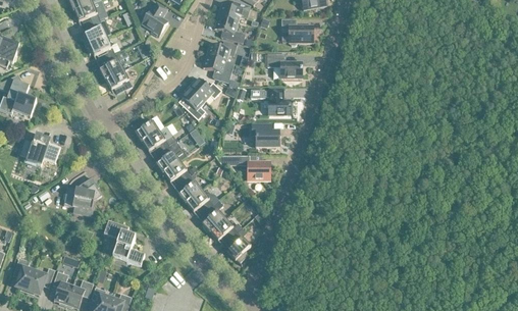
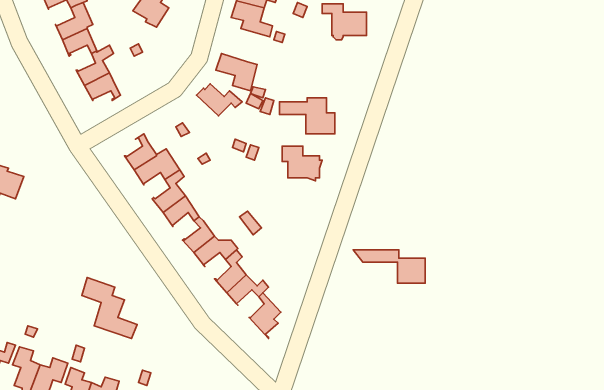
building: [207,41,238,61] -> none
building: [267,53,302,77] -> none
building: [182,86,206,119] -> none
building: [216,155,269,179] -> [353,250,425,283]
building: [64,184,102,213] -> none

